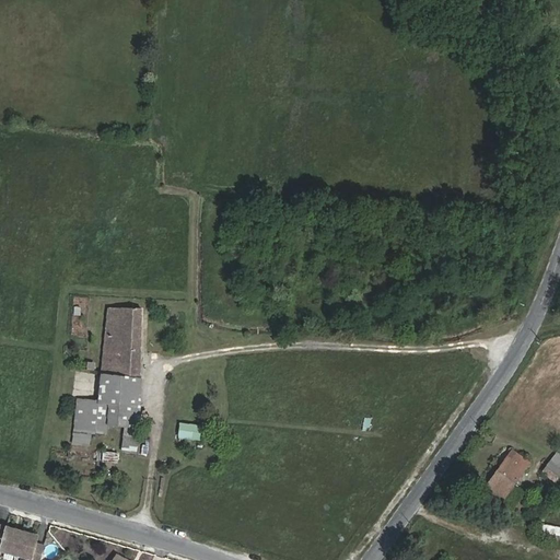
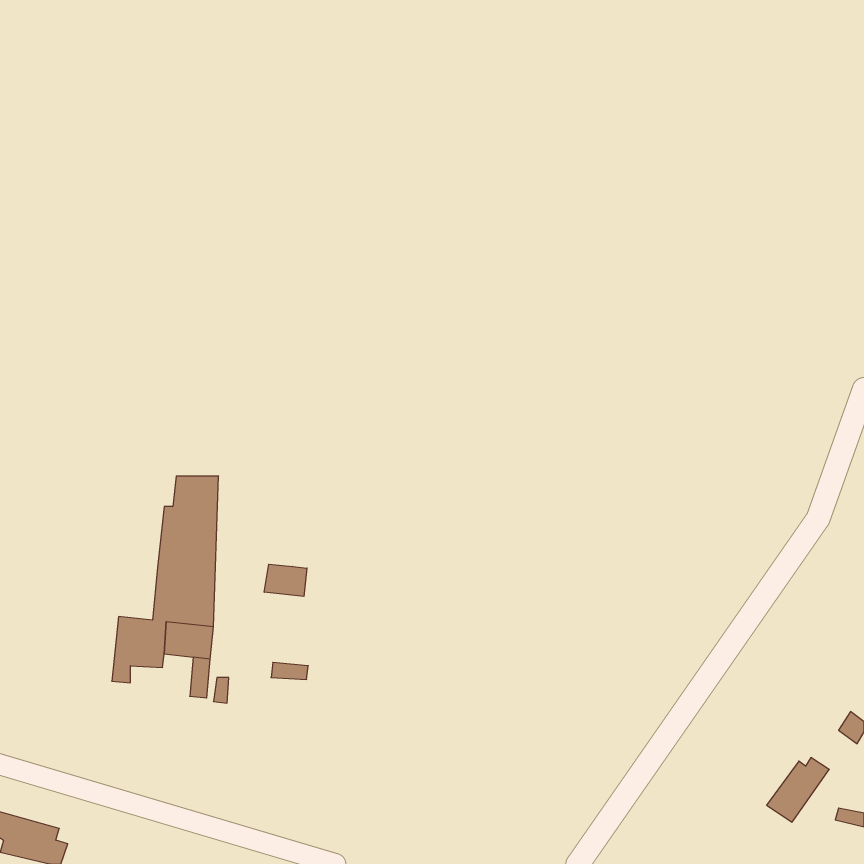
building: none -> [264,564,307,596]
building: [487,454,527,495] -> [767,758,829,822]

